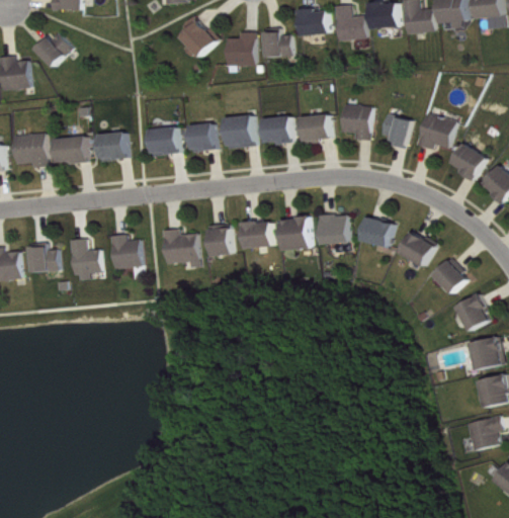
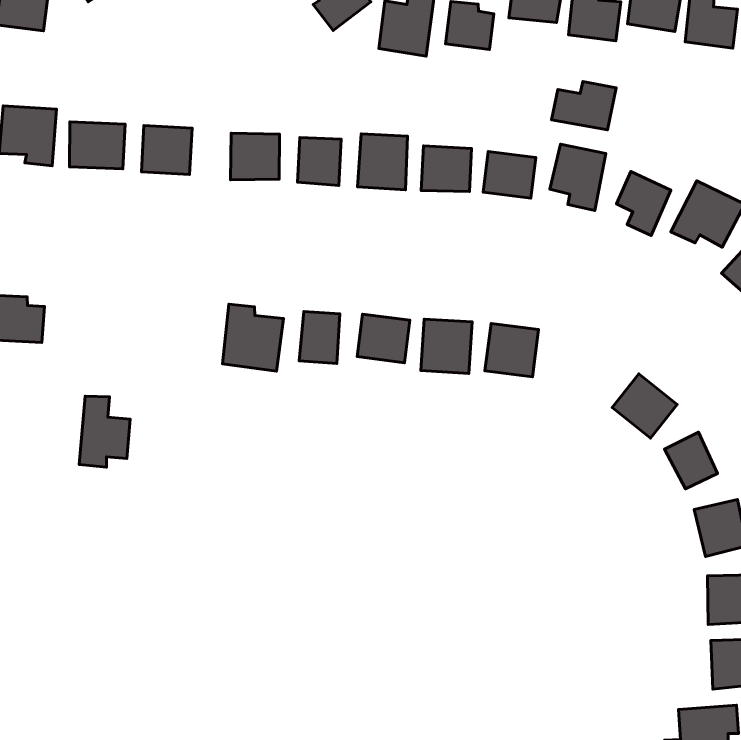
building: none -> [552,81,616,130]
building: [358,215,393,248] -> none
building: [109,234,141,269] -> none
building: [70,238,100,280] -> [79,396,130,467]

